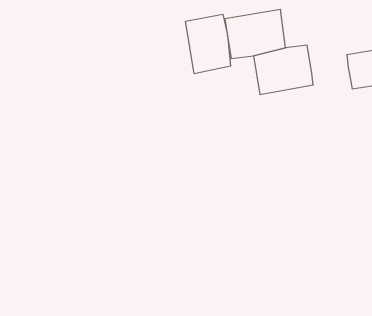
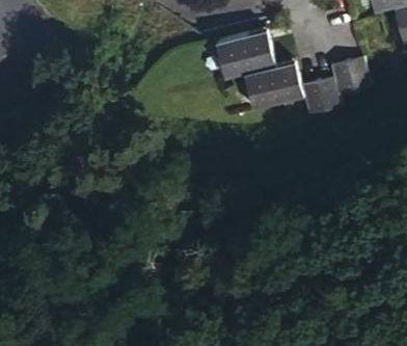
building: [185,14,230,74] -> none
building: none -> [299,76,340,115]

